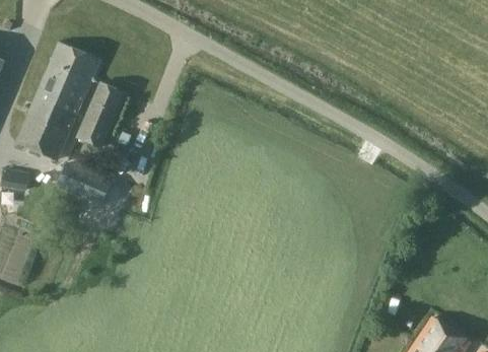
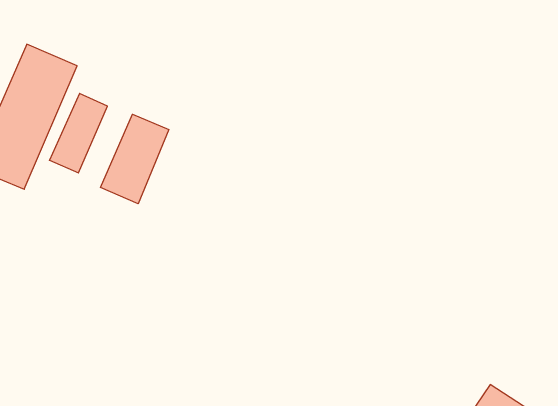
building: none -> [101,114,169,204]

